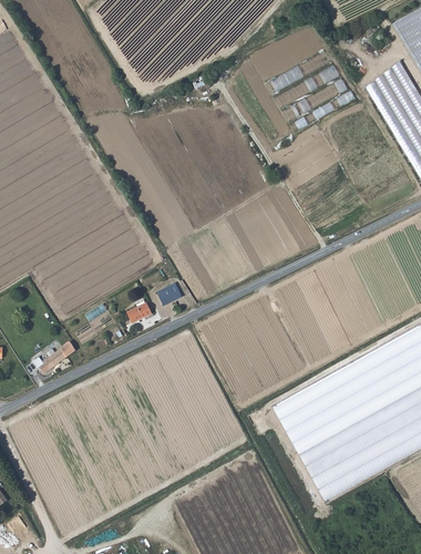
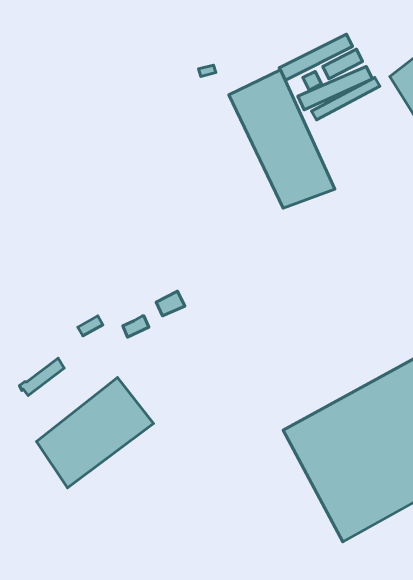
building: none -> [229,70,335,208]
building: none -> [37,378,154,488]

